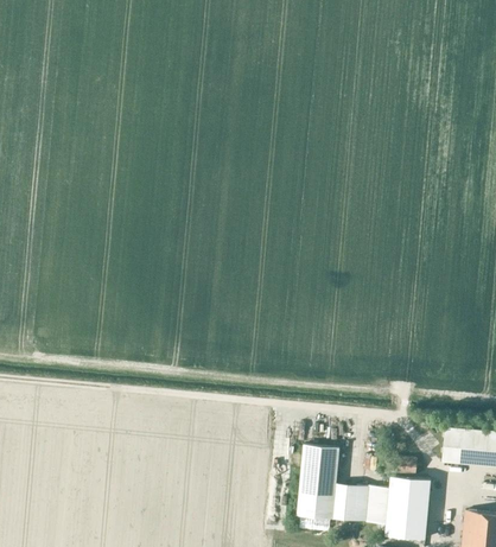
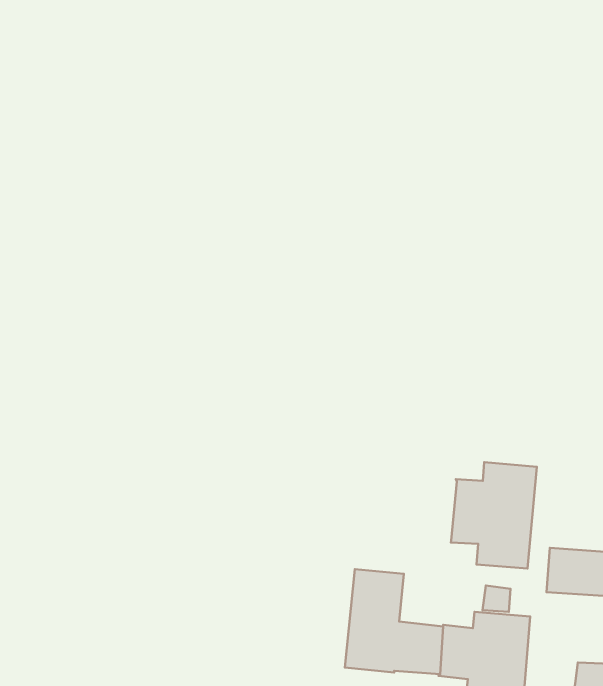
building: none -> [451,462,537,569]

